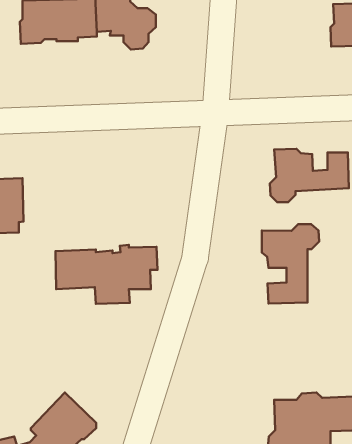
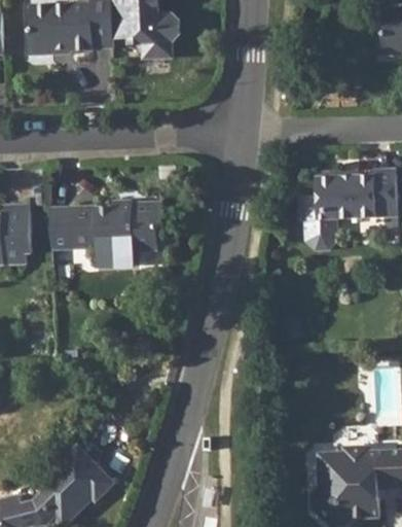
building: [262,224,319,304] -> none
building: [55,245,157,304] -> [50,200,165,266]

